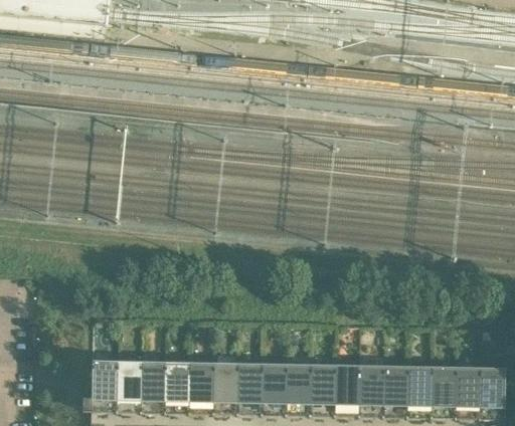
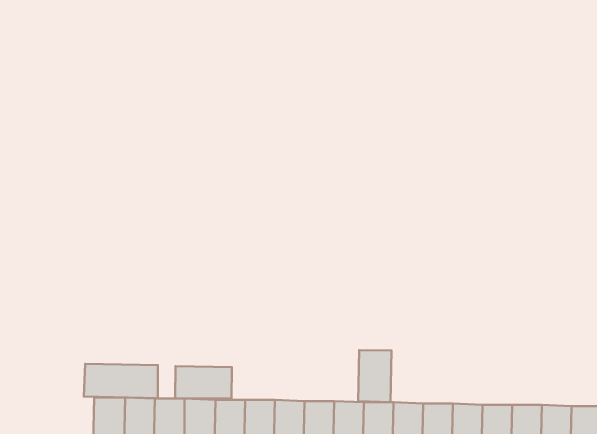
building: none -> [358,350,391,402]
building: none -> [84,364,158,398]
building: none -> [175,366,232,399]

